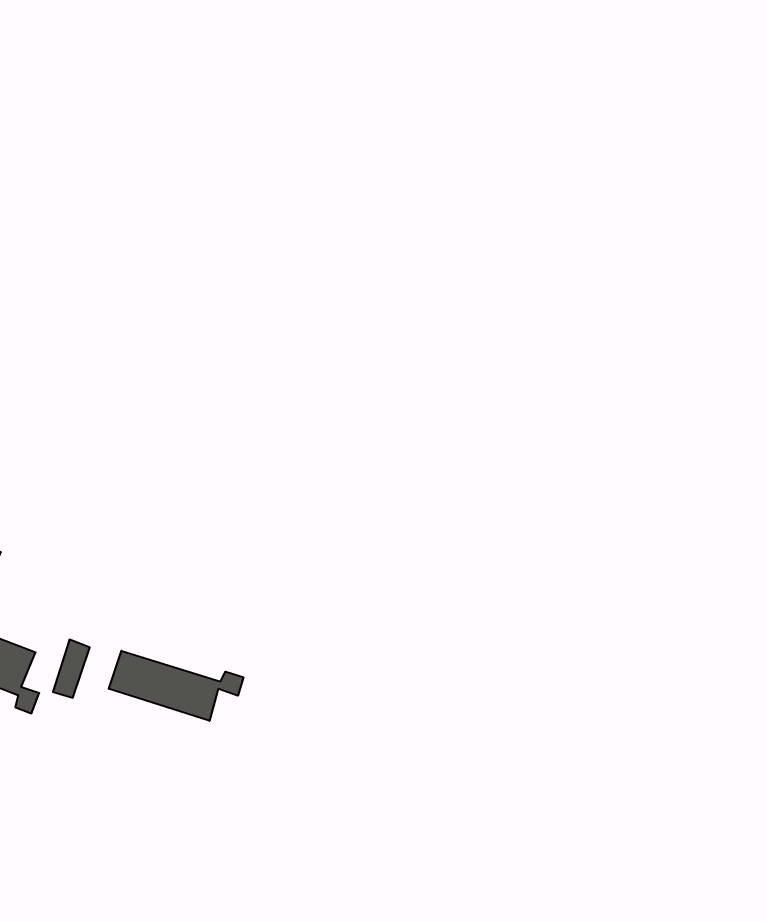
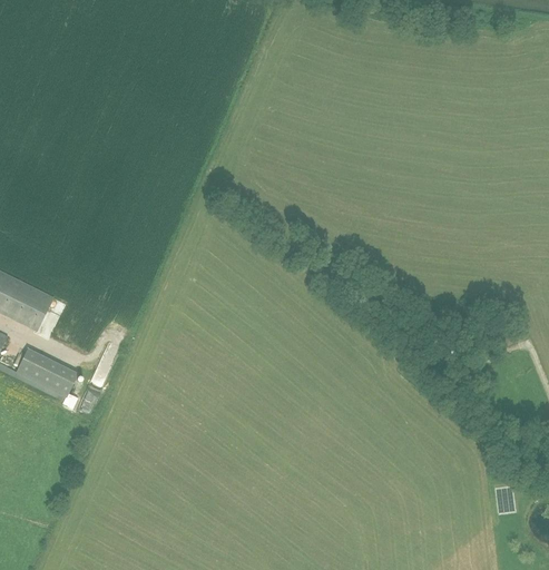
building: [109,651,243,721] -> none

